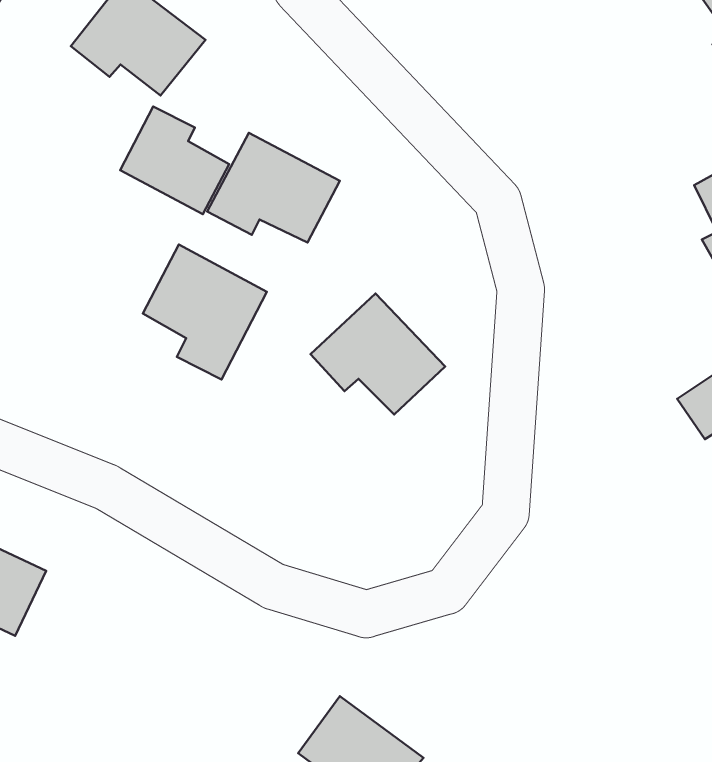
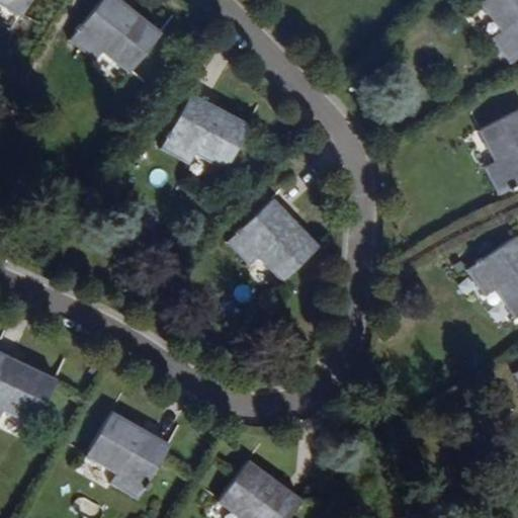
building: [120,106,229,214] -> none
building: [143,245,267,380] -> none
building: none -> [89,414,170,499]

